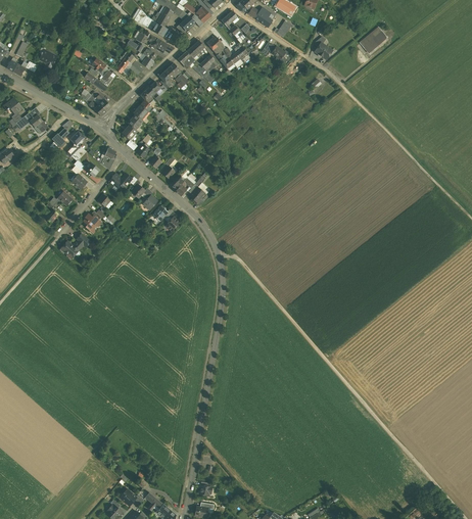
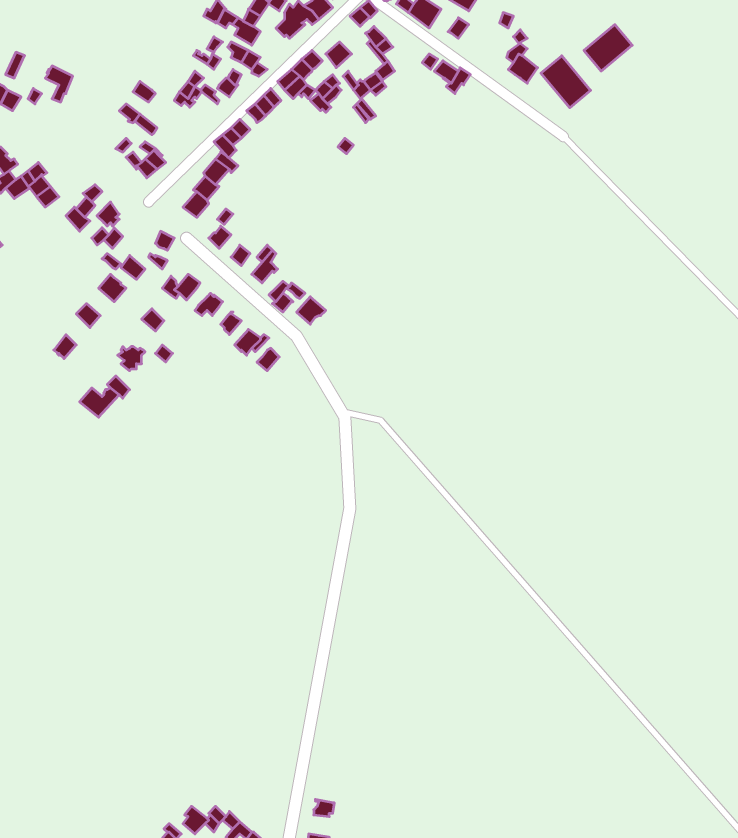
building: none -> [541,56,591,108]

